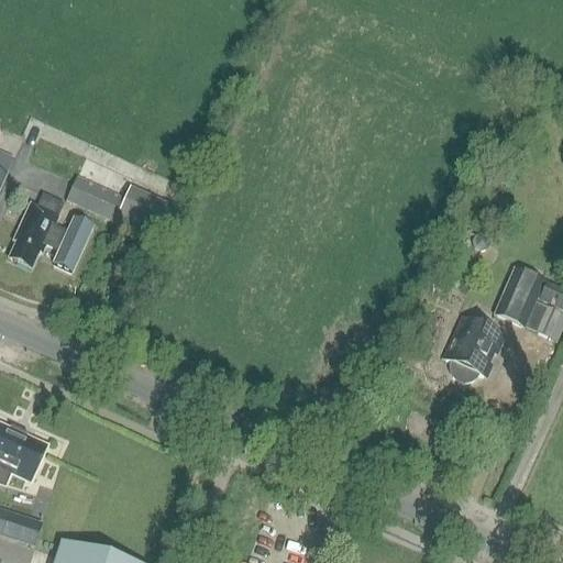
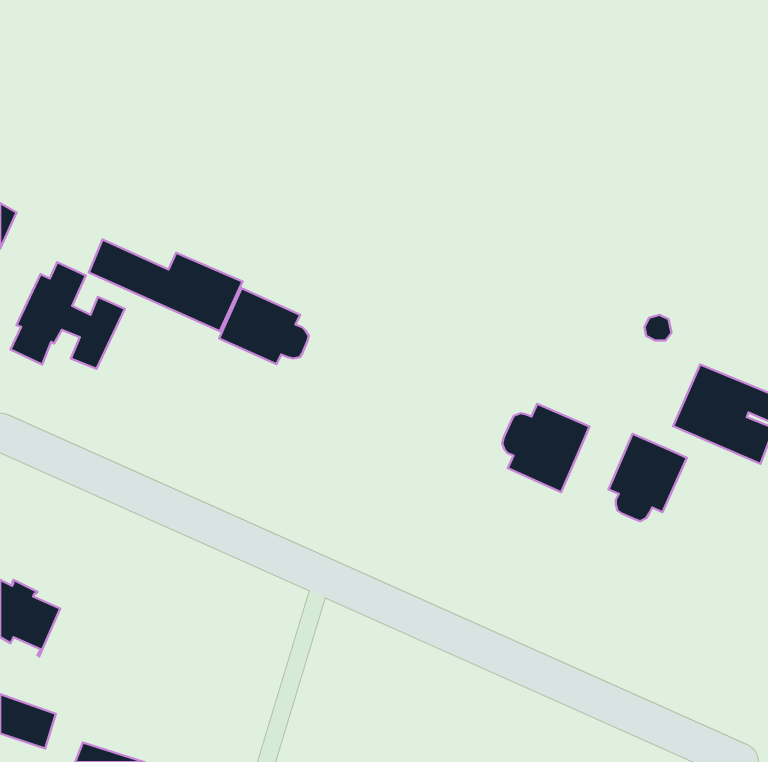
building: none -> [219,288,309,364]
building: none -> [502,404,590,492]

